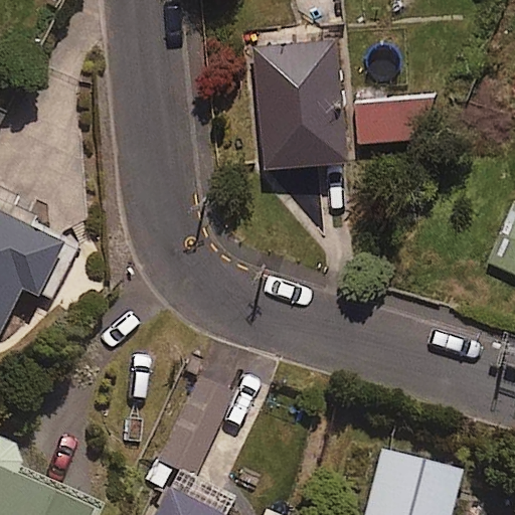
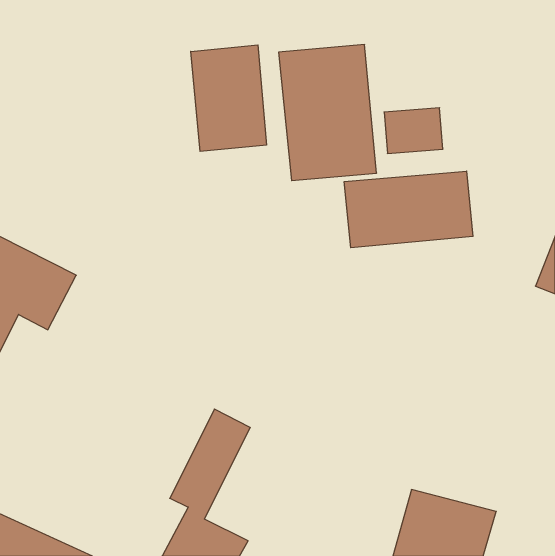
building: none -> [191,45,266,151]
building: none -> [344,171,473,248]

